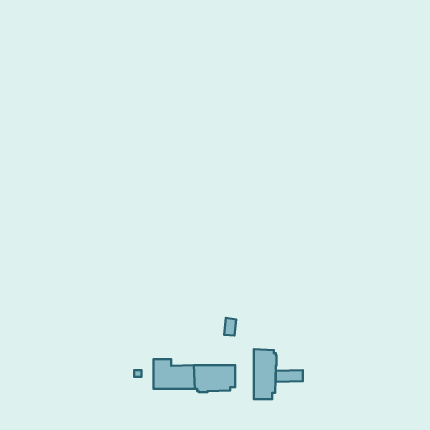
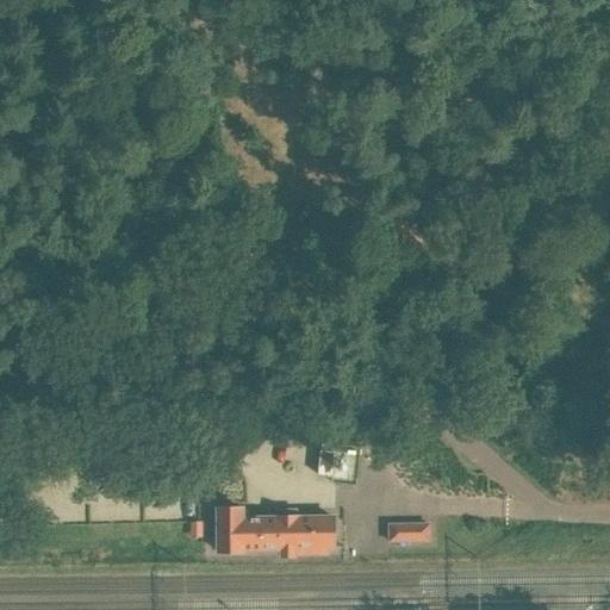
building: [254,349,277,399] -> none

